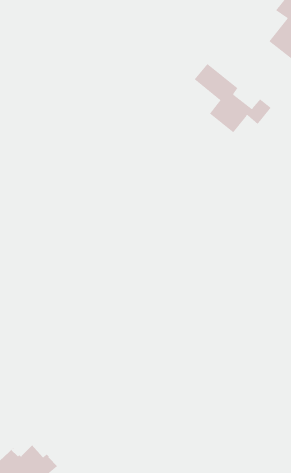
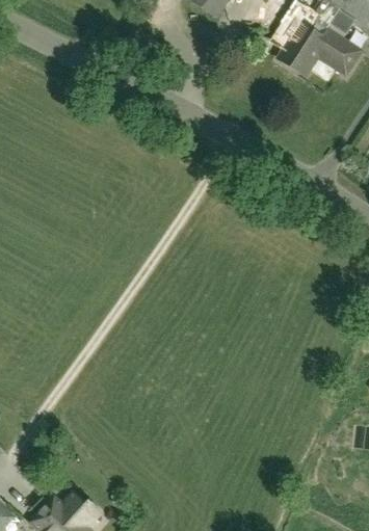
building: [194,63,271,133] -> none

